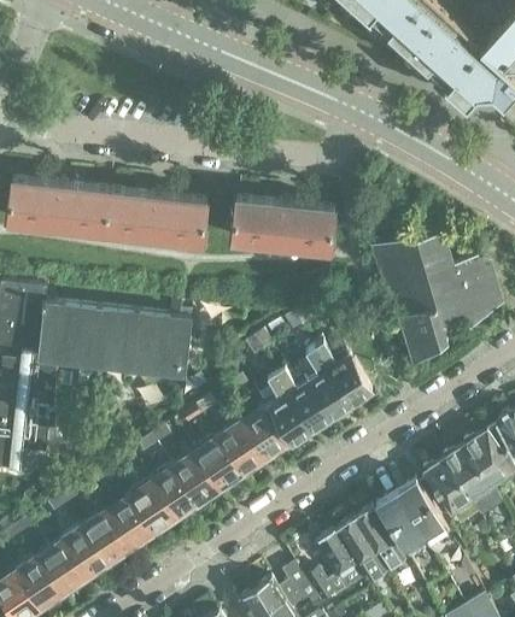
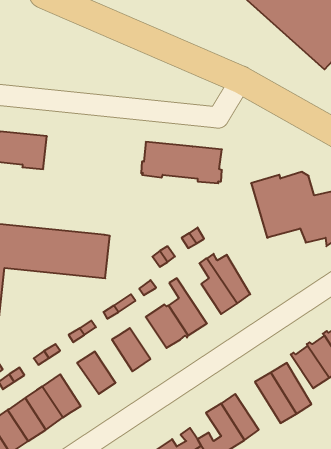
building: [104,192,205,245] -> none
building: [391,310,446,369] -> none
building: [275,368,332,431] -> none
building: [215,423,262,477] -> none
building: [170,452,218,507] -> none
building: [125,482,175,537] -> none
building: [350,510,399,568] -> none

